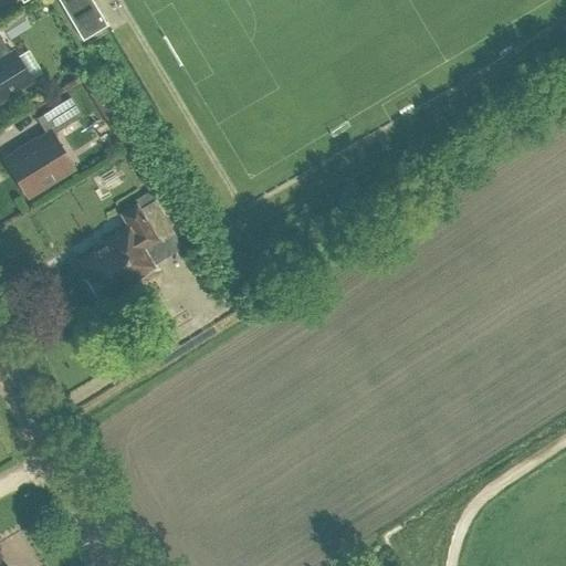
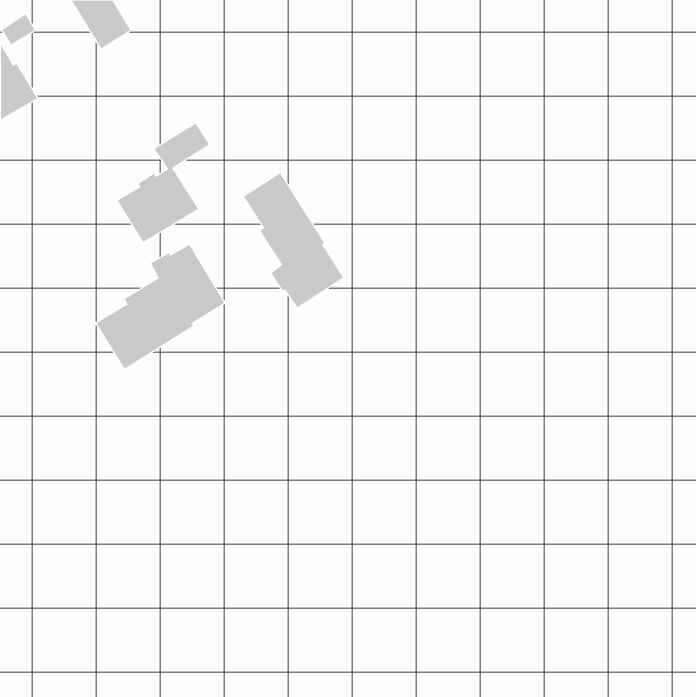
building: [7,97,82,195] -> [117,123,210,243]
building: none -> [243,172,344,308]

